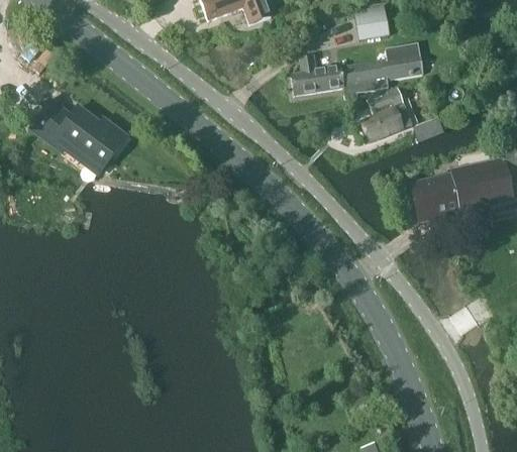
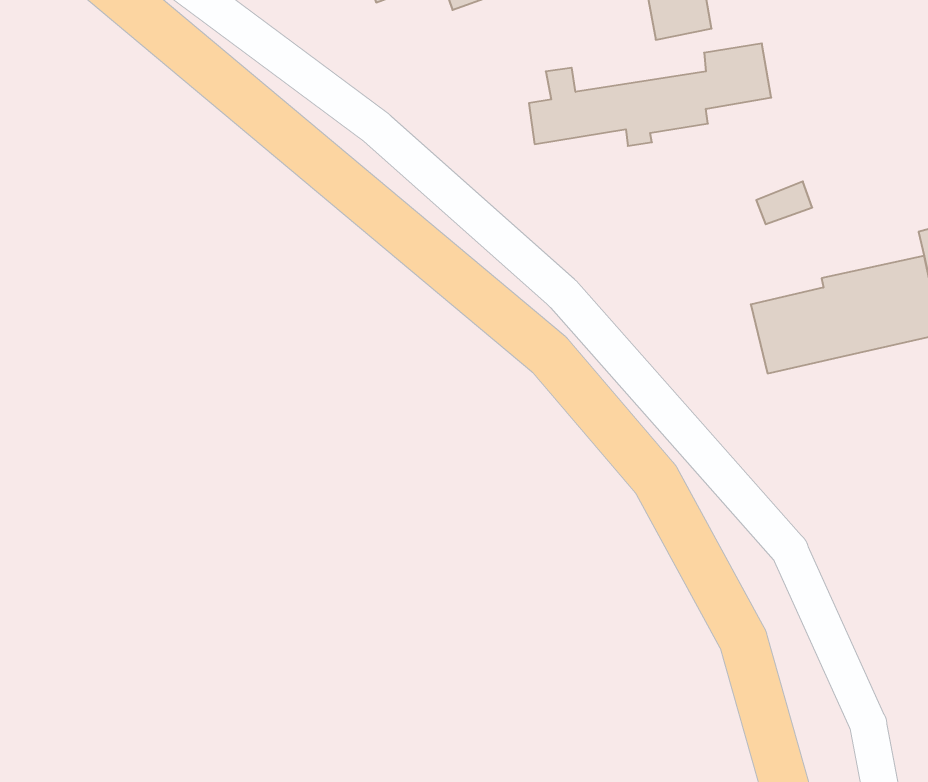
building: [361,88,413,141] -> none
building: [30,101,127,175] -> none

